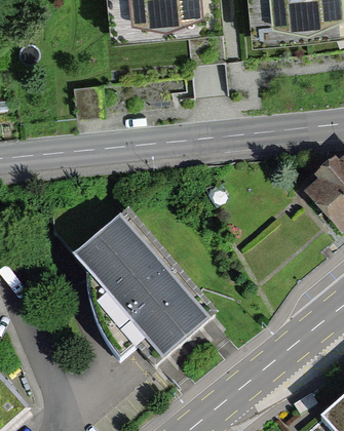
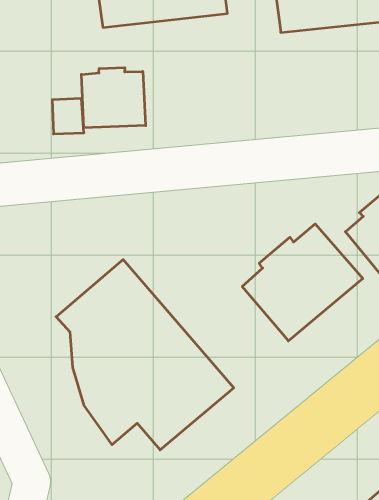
building: none -> [81,68,146,128]
building: none -> [242,224,363,341]

